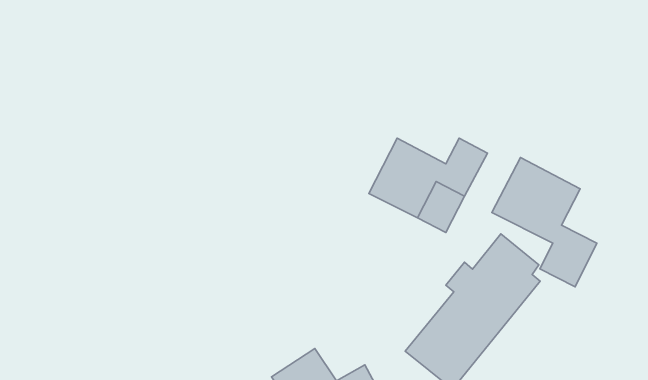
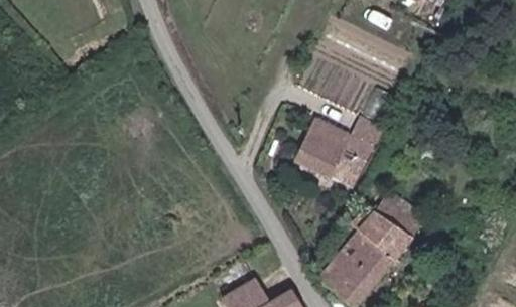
building: [492,157,597,287] -> none

